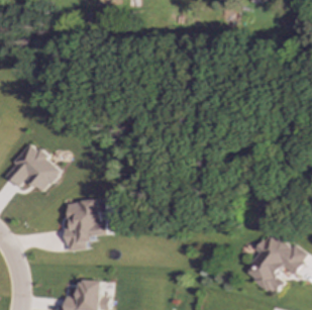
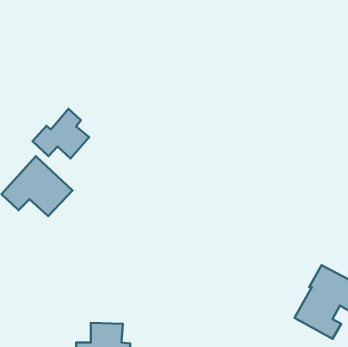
building: none -> [32,109,89,159]
building: [65,198,109,250] -> none

